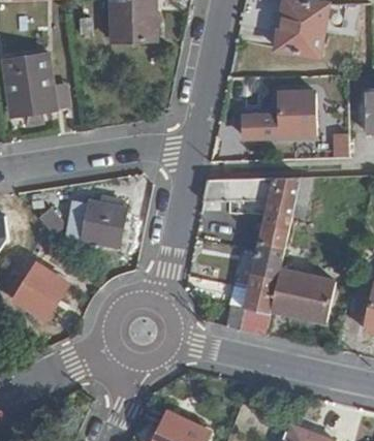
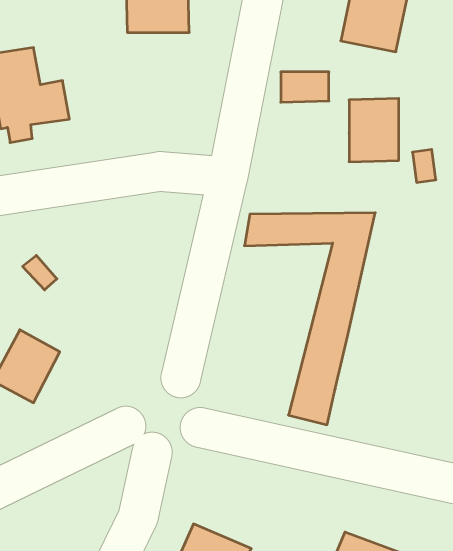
building: [244,118,280,140] -> [281,72,329,102]
building: [79,200,124,264] -> none
building: [270,270,333,321] -> none

